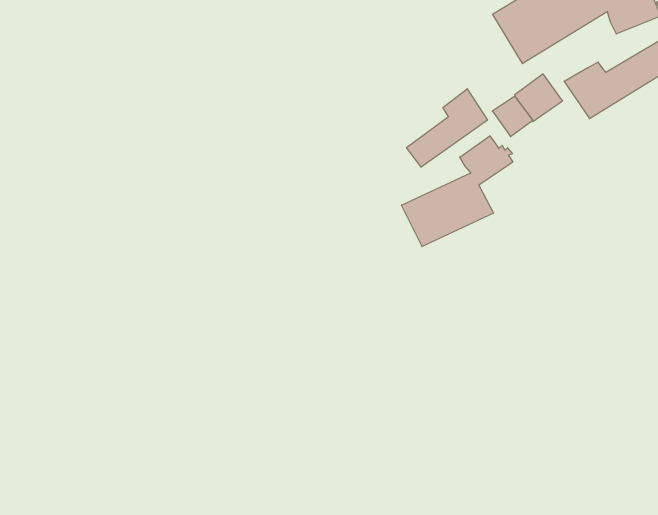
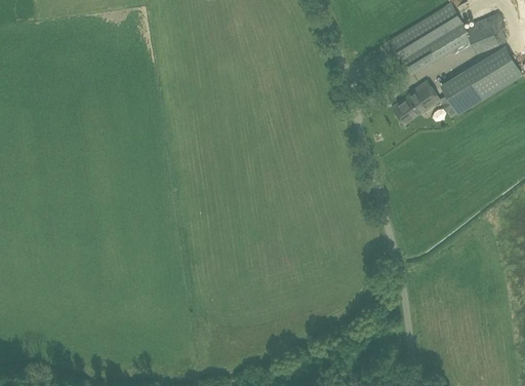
building: [407,89,487,167] -> none
building: [402,136,513,247] -> none

